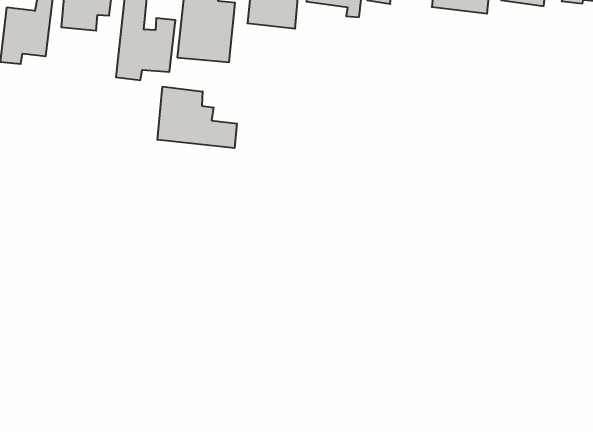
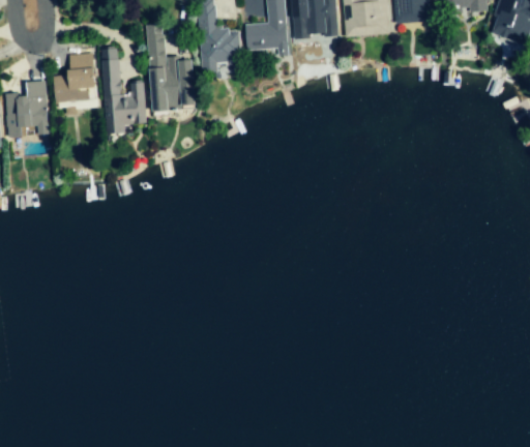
building: [158,87,237,148] -> none

